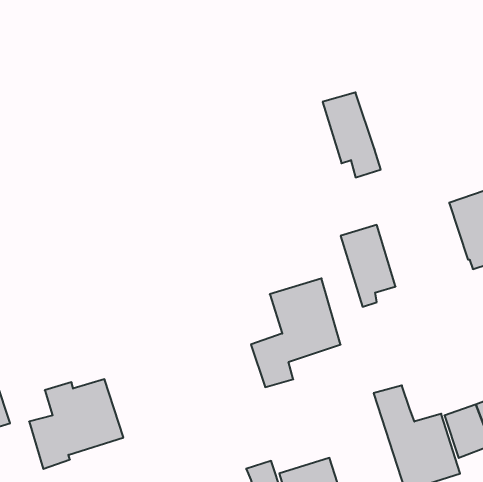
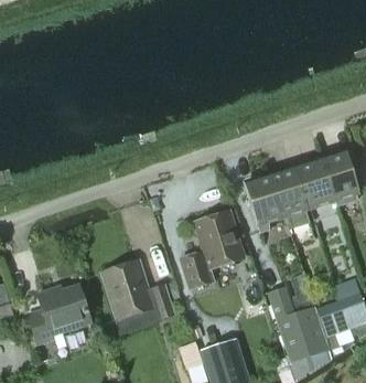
building: [323,92,381,177] -> [269,168,310,227]
building: none -> [297,159,333,206]
building: none -> [103,260,173,331]

